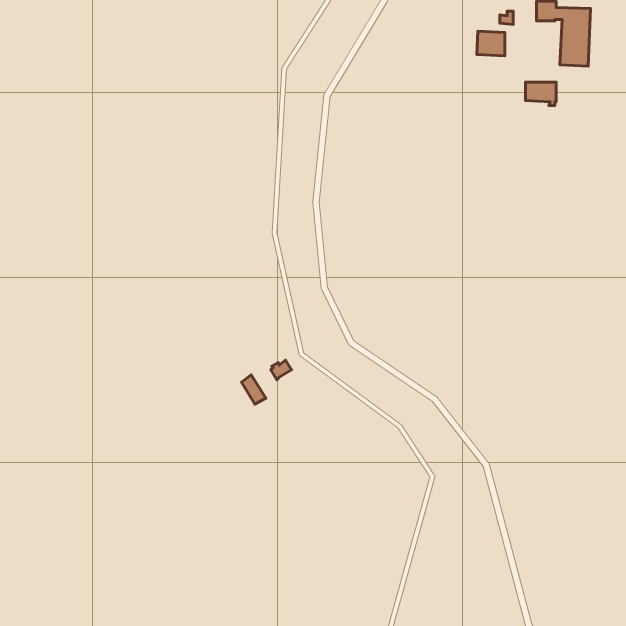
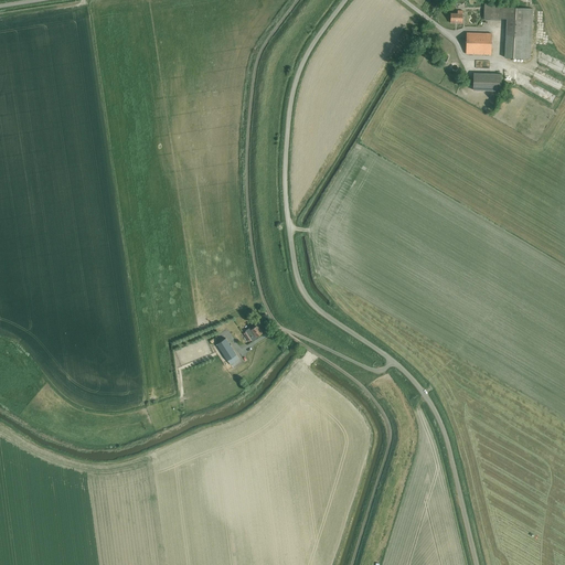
building: [477,31,505,56] -> [466,33,491,55]

